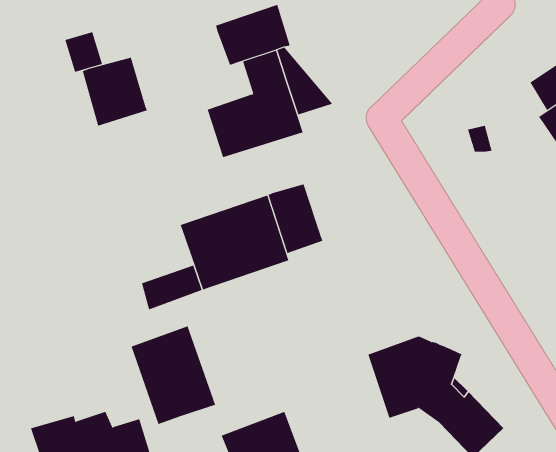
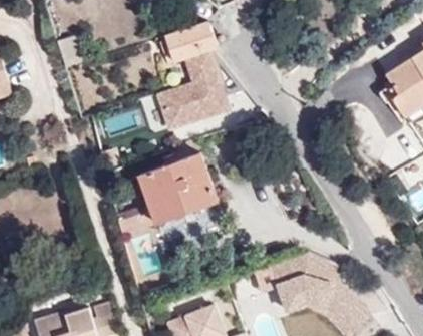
building: [82,57,148,127] -> none
building: [268,184,323,254] -> none
building: [131,326,216,425] -> none

